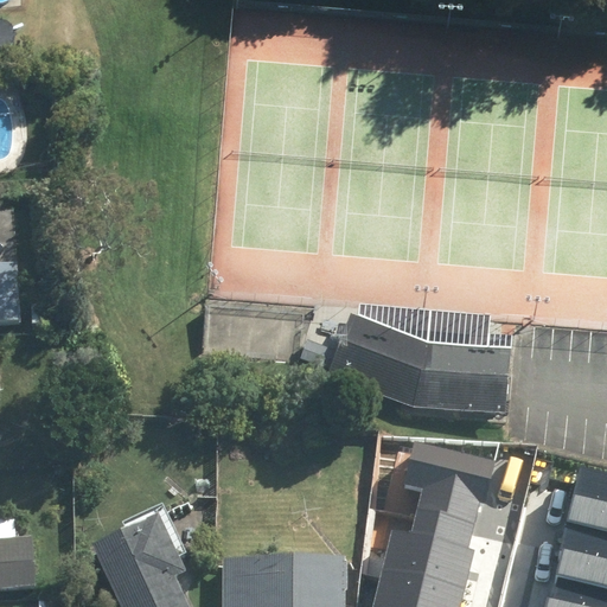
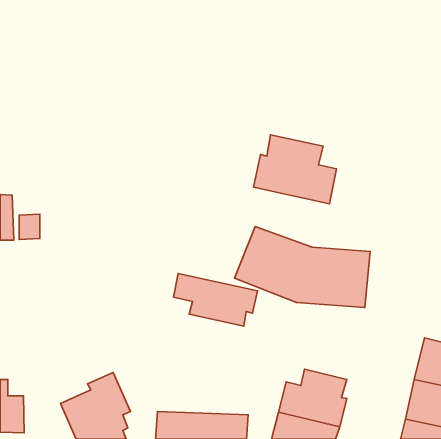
building: none -> [253,135,337,204]
building: none -> [174,273,257,326]
building: [407,439,496,520] -> none

